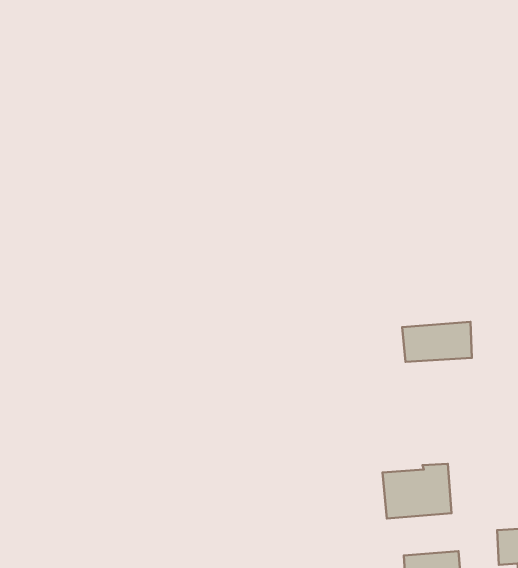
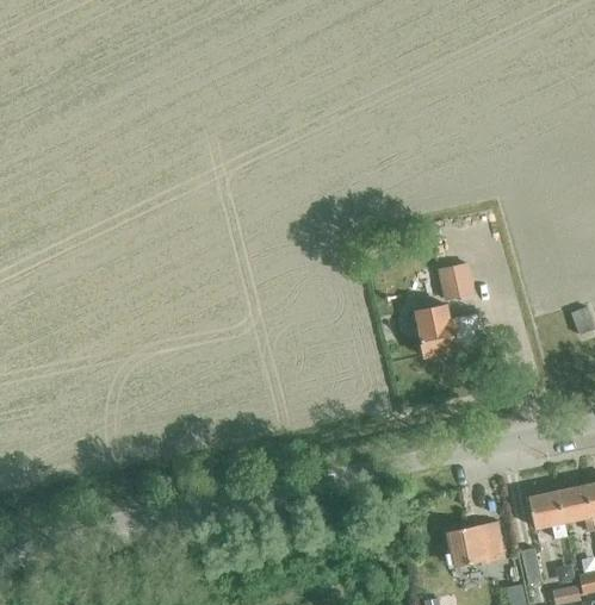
building: none -> [439,264,473,299]
building: [383,464,452,518] -> none

